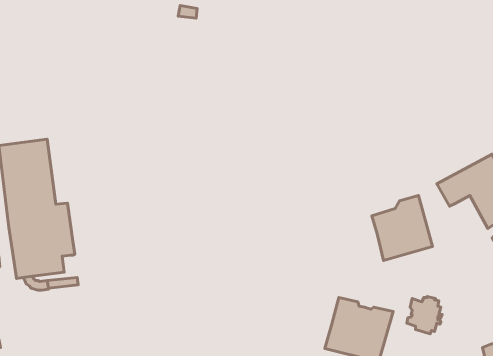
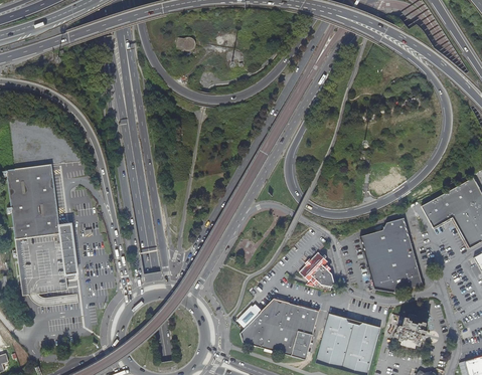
building: none -> [299,250,334,289]
building: none -> [370,264,422,291]
building: none -> [239,298,318,359]

